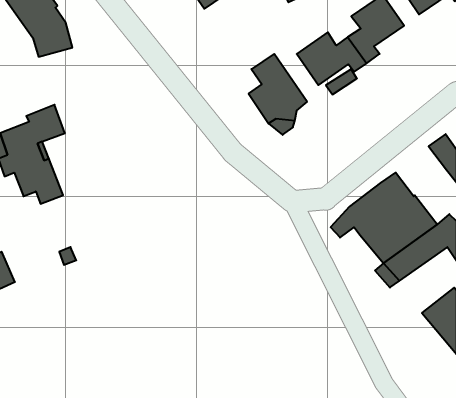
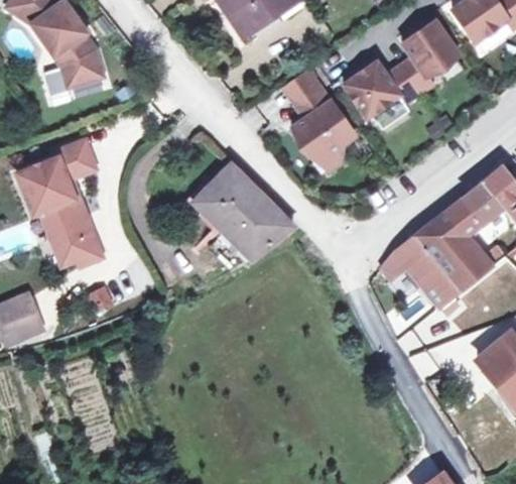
building: none -> [192,165,293,257]
building: none -> [449,182,504,235]
building: none -> [51,230,102,265]

